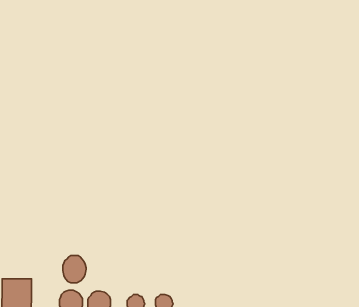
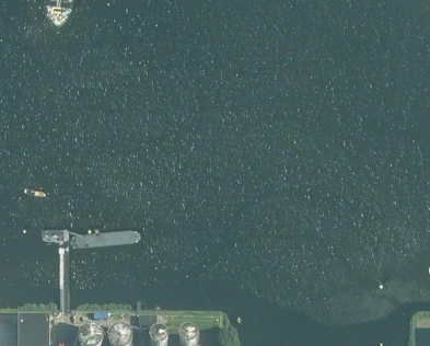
building: [63,256,86,283] -> none

